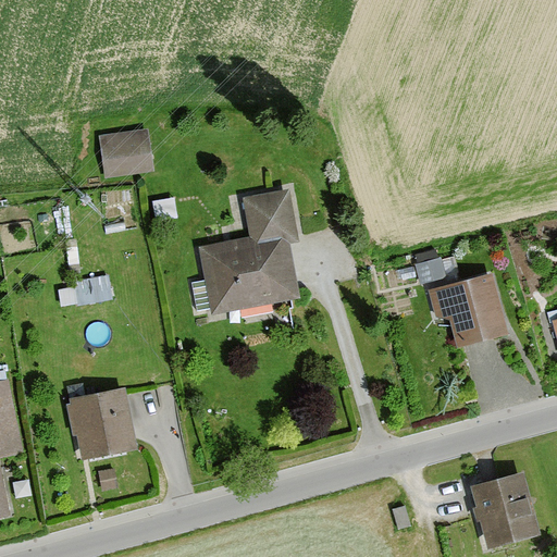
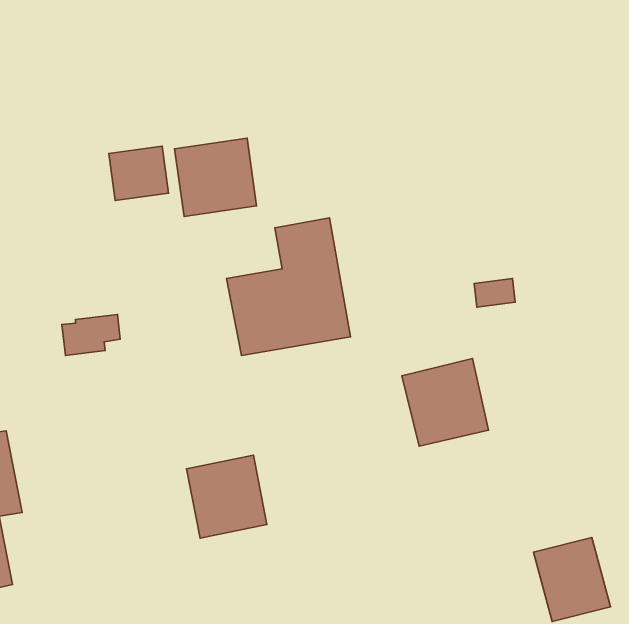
building: none -> [175,138,256,216]
building: [430,274,506,351] -> [402,358,489,446]
building: [66,386,137,459] -> [186,455,267,538]

